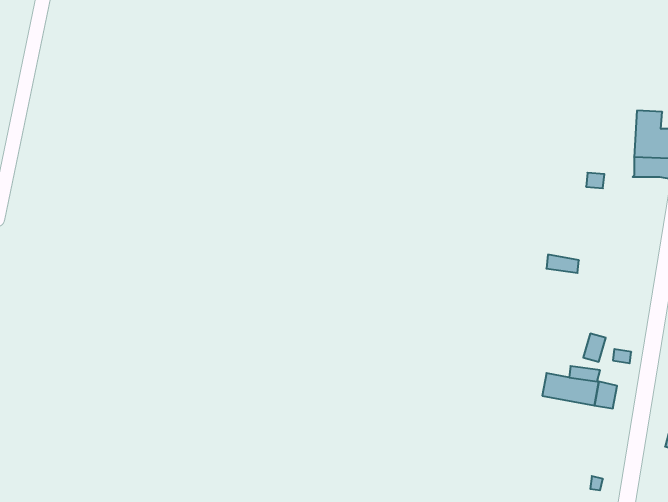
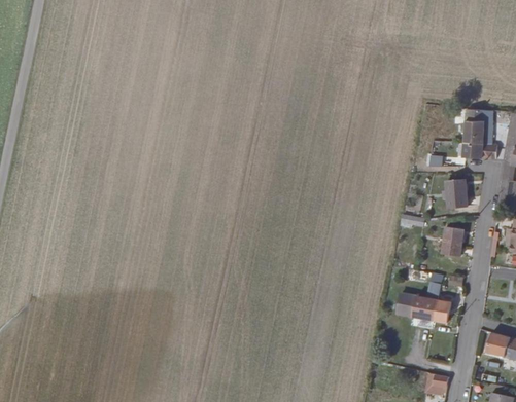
building: none -> [447,183,468,213]
building: none -> [441,233,463,263]

